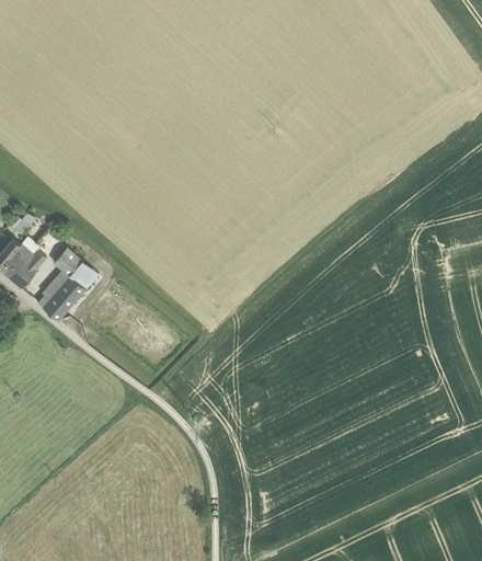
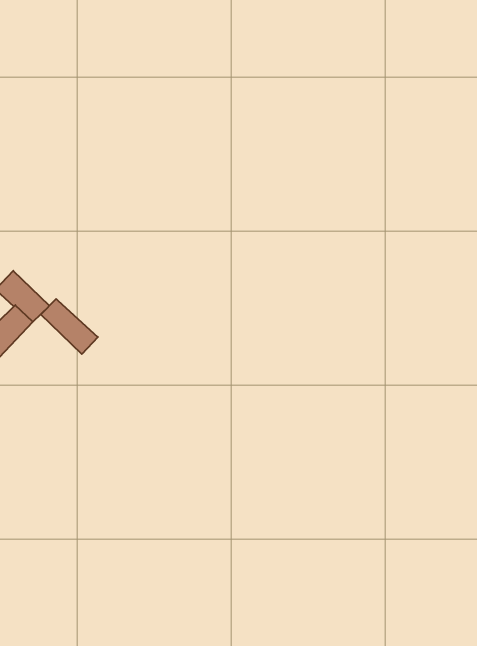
building: none -> [41,299,98,354]

